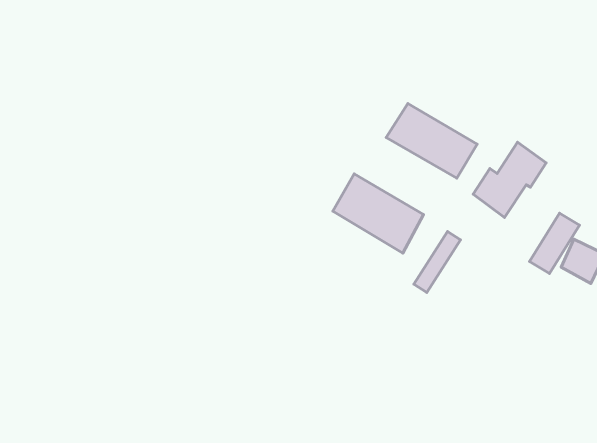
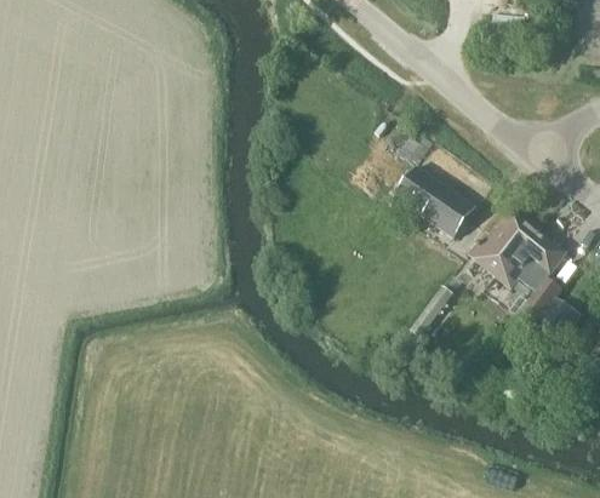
building: none -> [496,230,566,288]
building: [333,174,424,253] -> none

